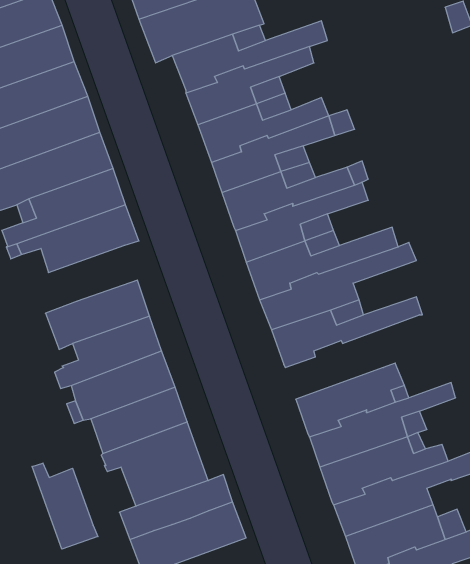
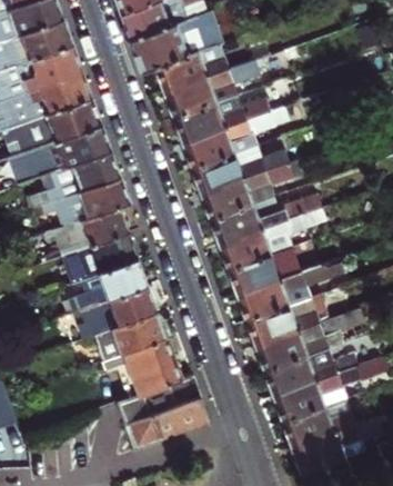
building: none -> [53,207,130,257]
building: none -> [239,258,343,320]
building: [32,463,98,549] -> none

